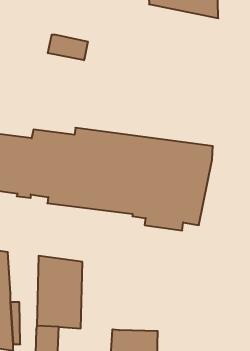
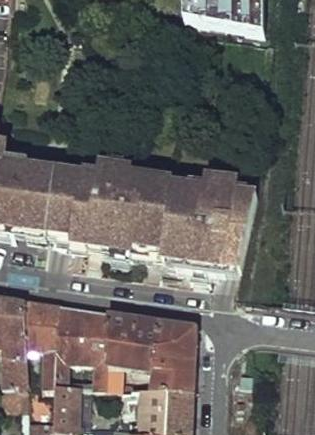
building: [48,35,88,60] -> none
building: none -> [22,299,57,387]
building: none -> [105,310,196,389]

